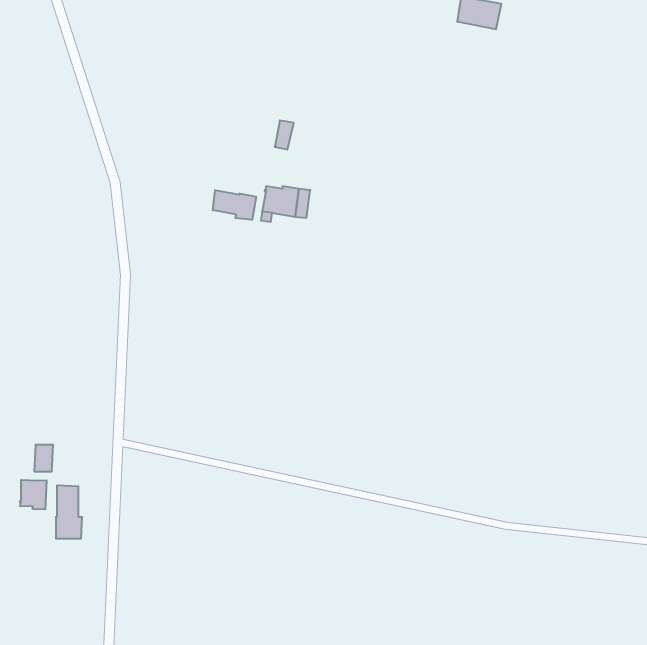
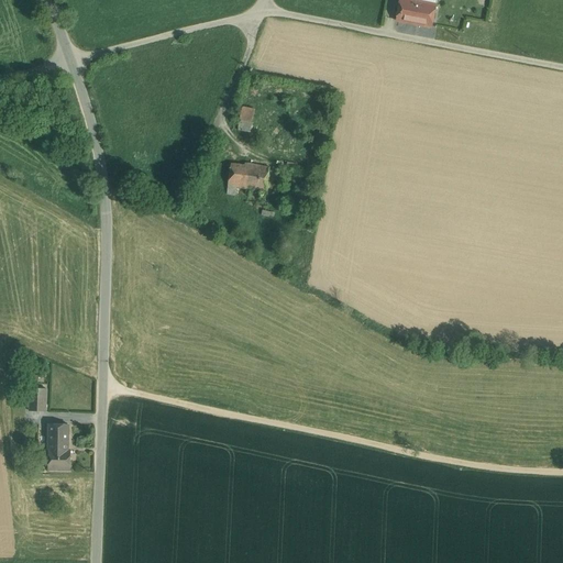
building: [213,190,256,220] -> none
building: [20,480,47,509] -> none

